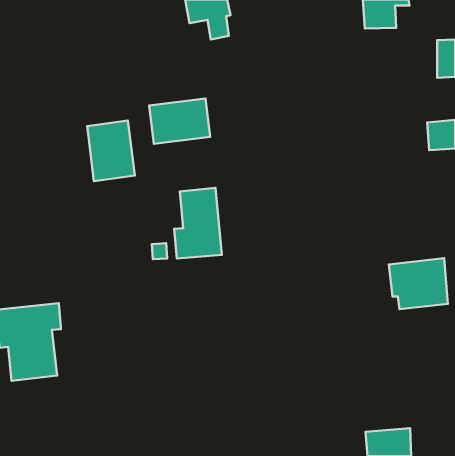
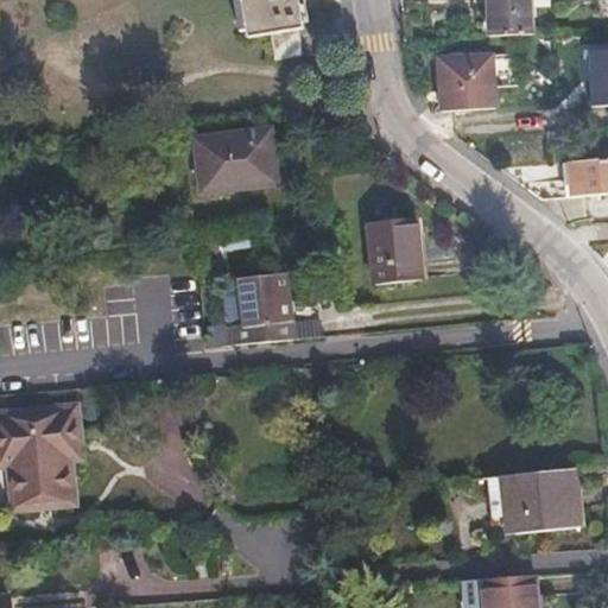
building: none -> [433,57,492,112]
building: [87,120,135,181] -> none
building: none -> [367,220,418,280]
building: [389,258,448,309] -> [501,464,580,532]

